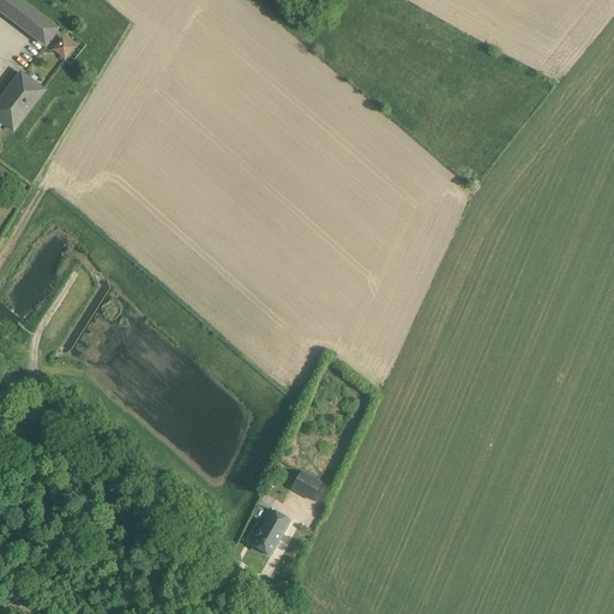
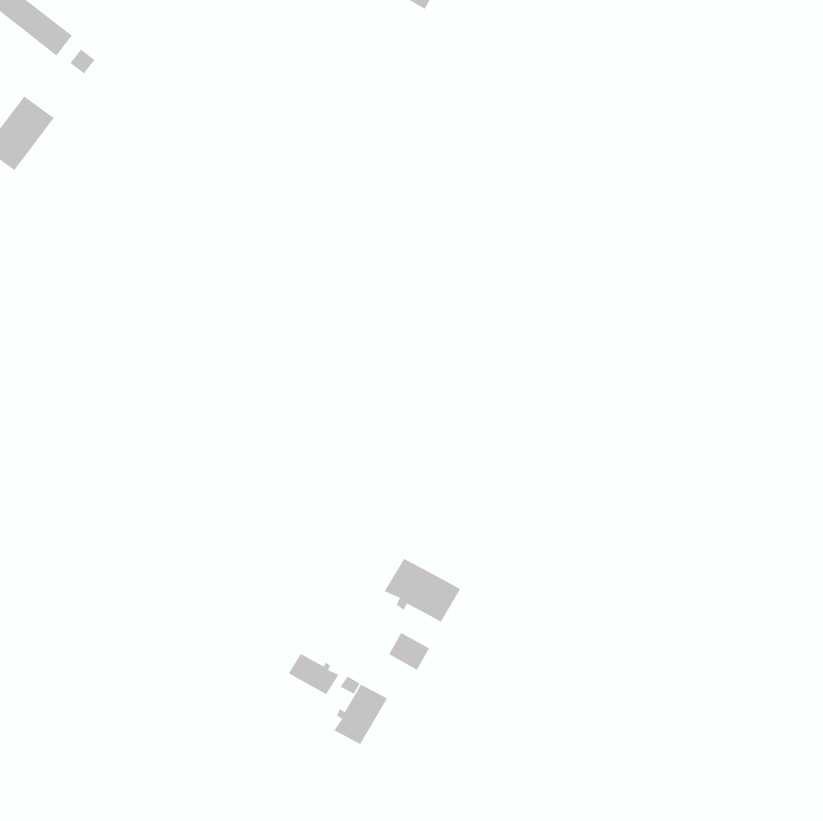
building: none -> [384,558,461,623]
building: none -> [288,653,339,695]

